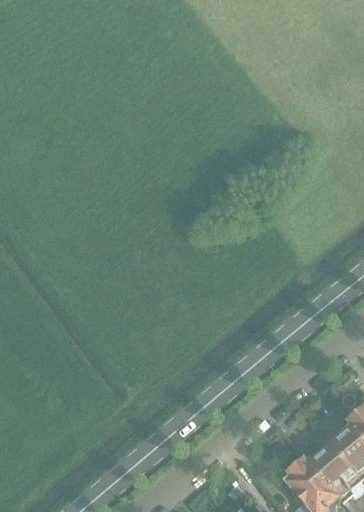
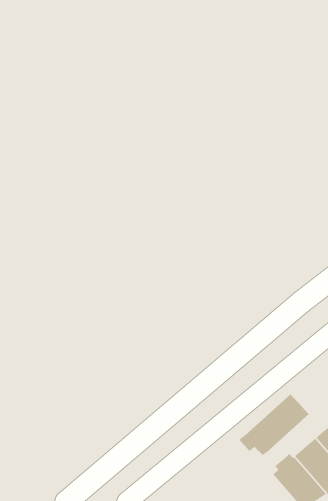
building: none -> [239,394,310,456]

